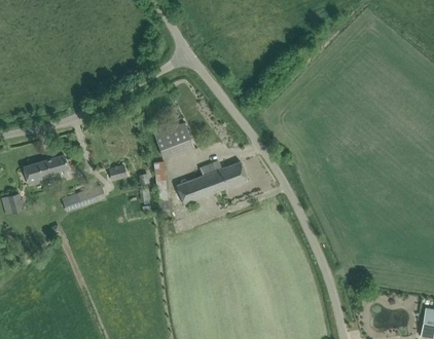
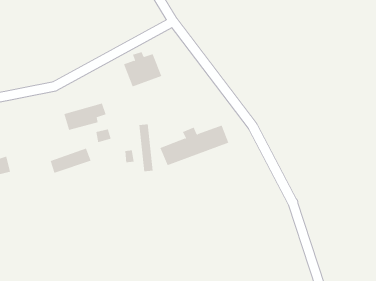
building: [154,120,194,157] -> [123,51,162,87]
building: [24,155,68,184] -> [63,103,106,131]

